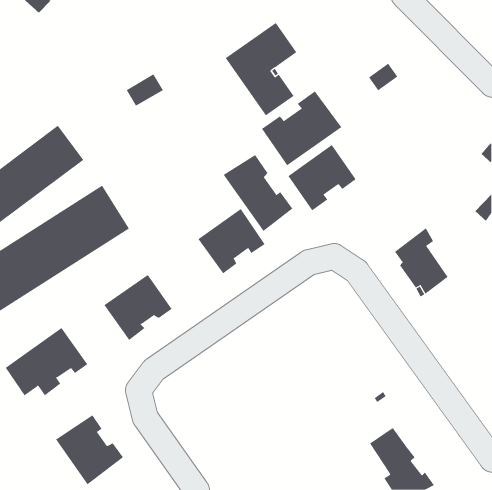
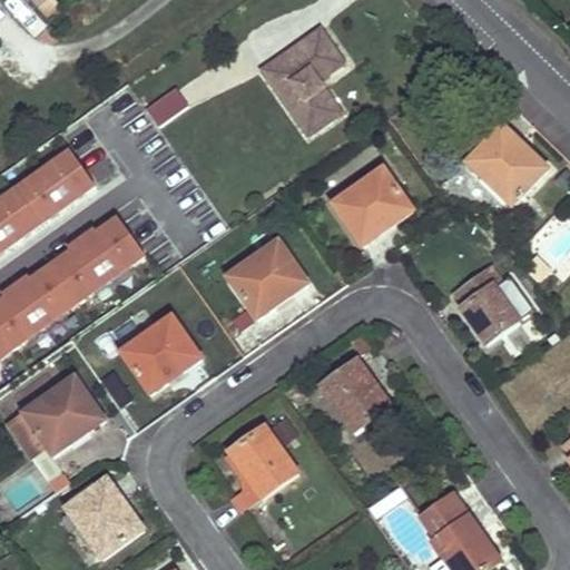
building: [261,91,342,166] -> none
building: none -> [463,122,546,204]
building: [223,154,293,232] -> none
building: none -> [322,356,391,429]
building: none -> [228,423,296,494]

